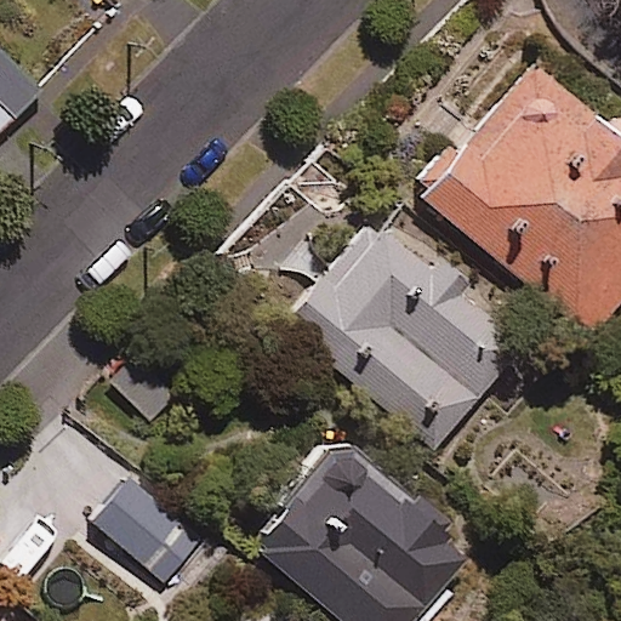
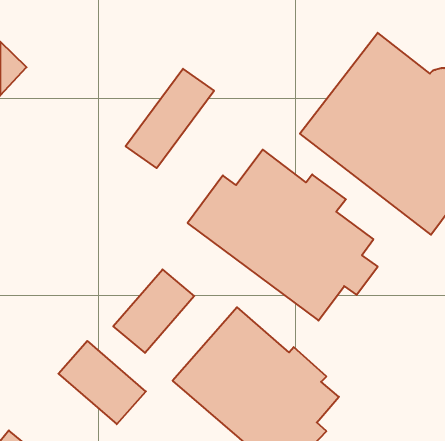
building: none -> [126,69,214,168]
building: none -> [113,269,194,353]

